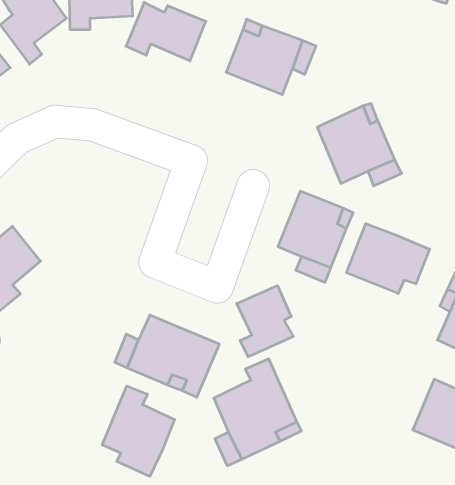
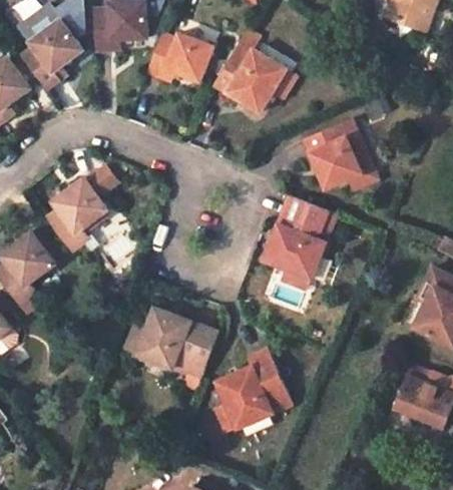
building: none -> [41,165,110,248]
building: [347,224,430,294] -> none
building: [237,286,293,357] -> none
building: [102,386,175,476] -> none

